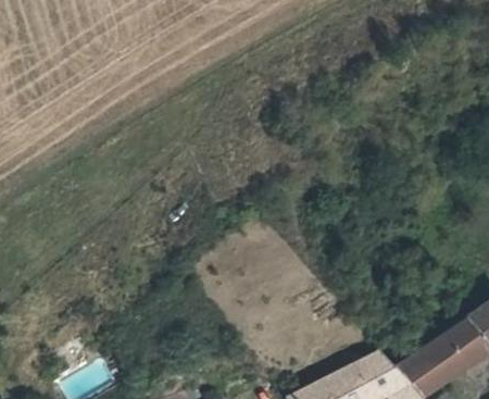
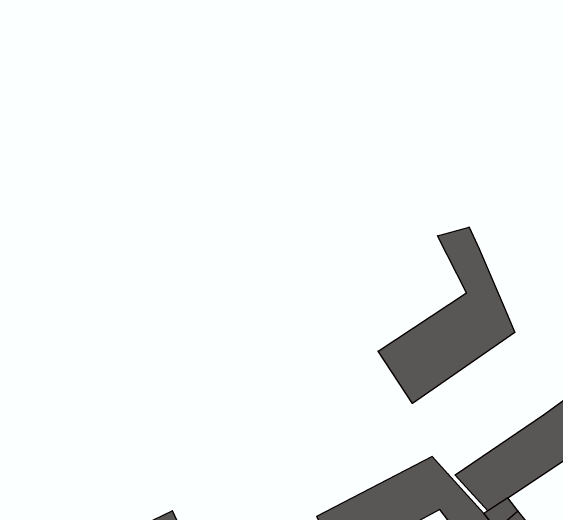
building: none -> [378,227,515,403]

